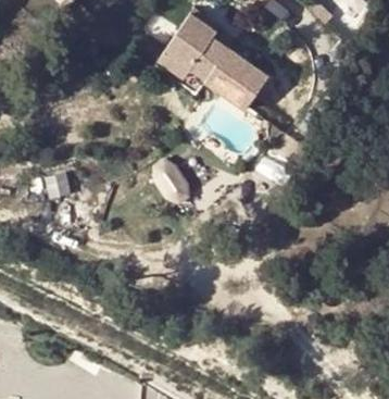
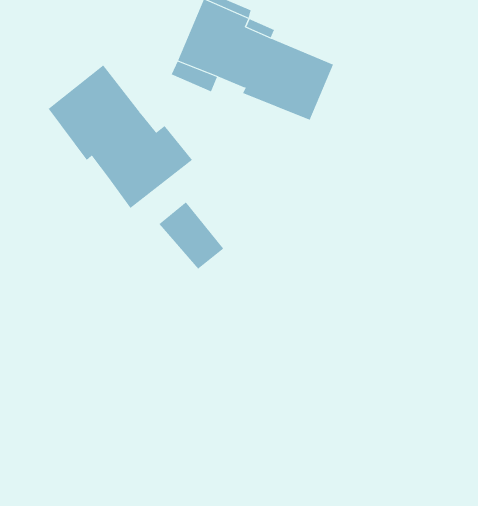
building: none -> [48,64,193,209]

